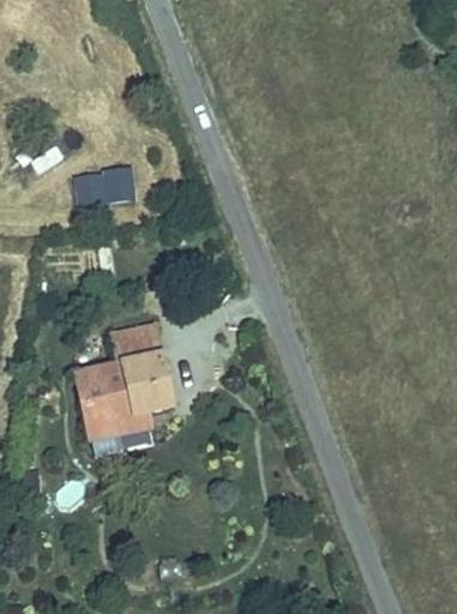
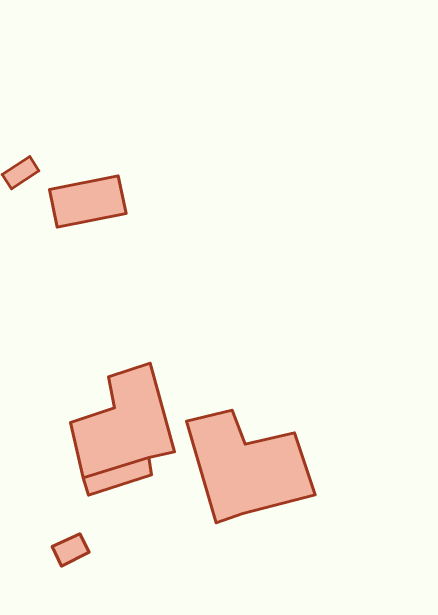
building: none -> [186,410,315,523]

